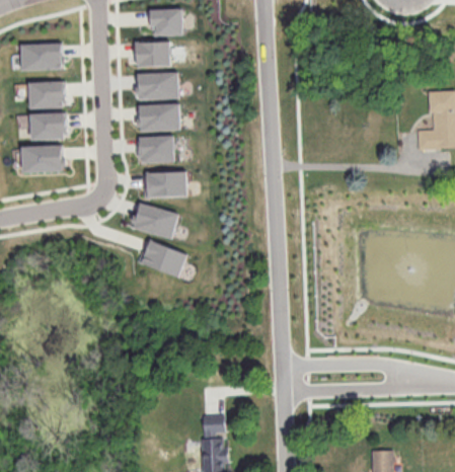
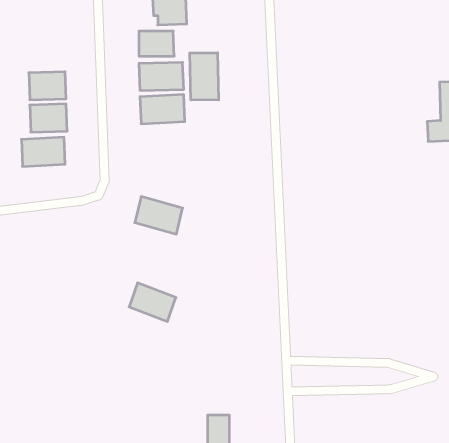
building: [21,43,63,71] -> none
building: none -> [190,53,219,100]
building: [138,136,174,163] -> none
building: [143,171,186,196] -> none
building: [141,240,186,278] -> [129,283,176,321]

